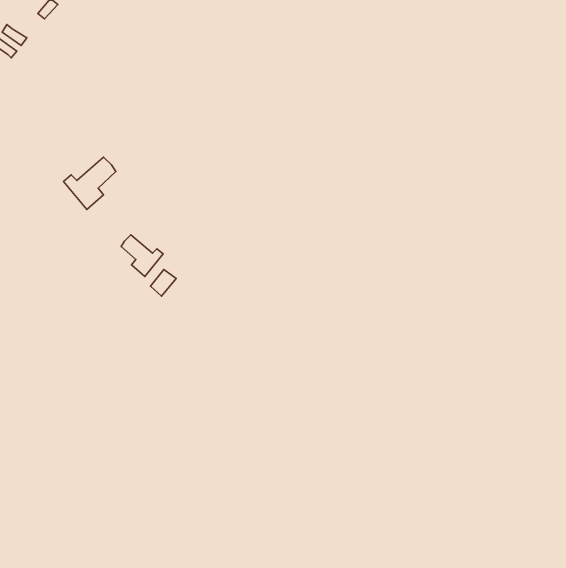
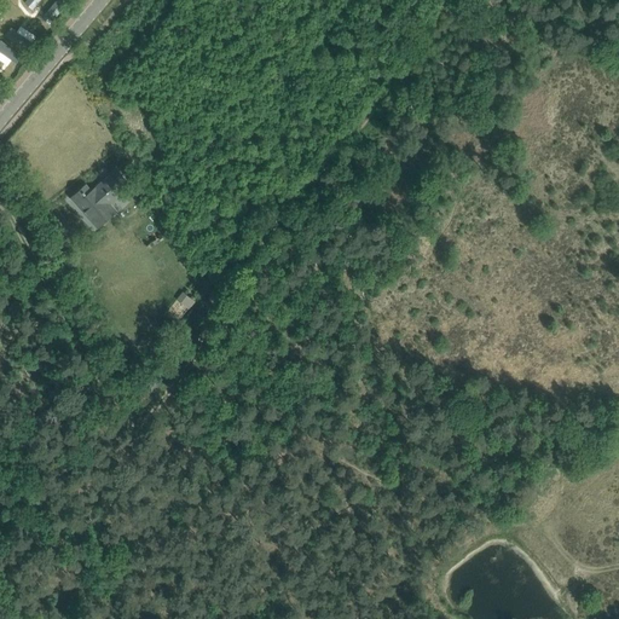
building: [121,235,163,276] -> none

